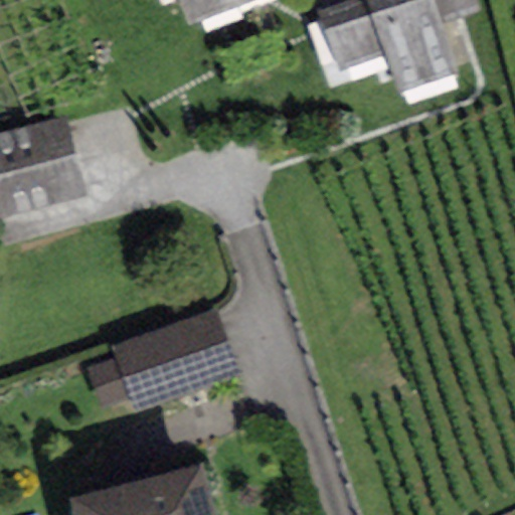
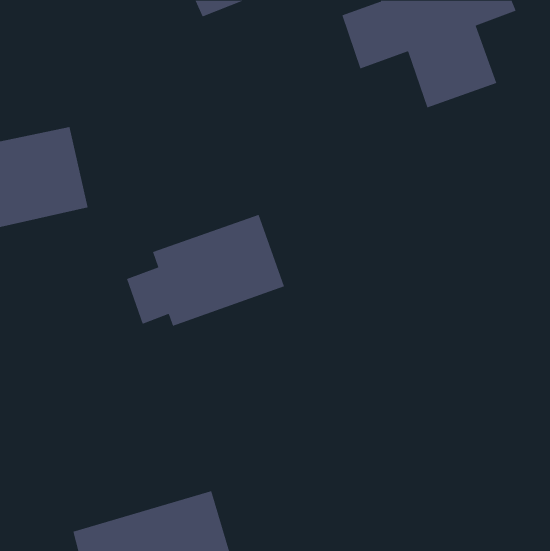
building: [88,310,235,414] -> [126,214,285,327]

